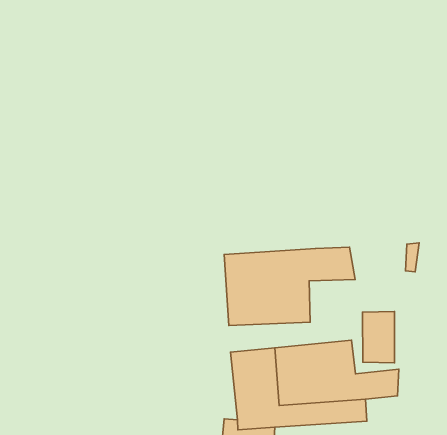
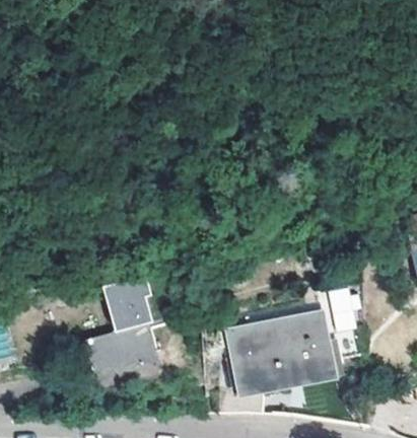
building: [224,247,355,326] -> none
building: none -> [85,279,160,369]

